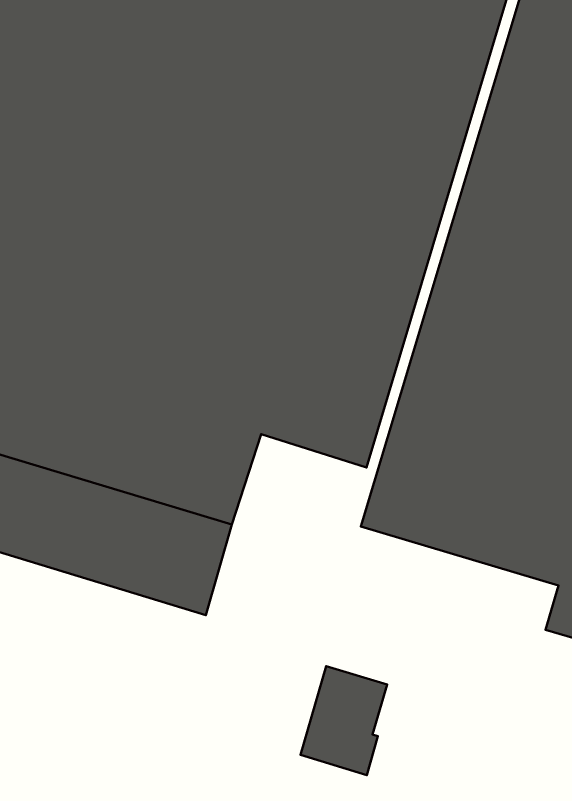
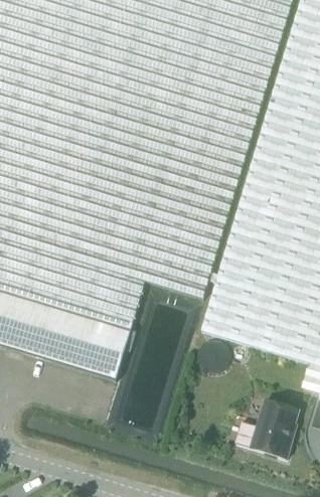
building: [300,666,387,775] -> [253,398,300,458]

